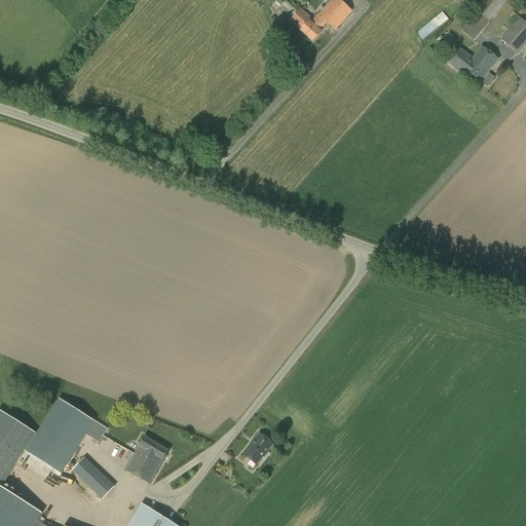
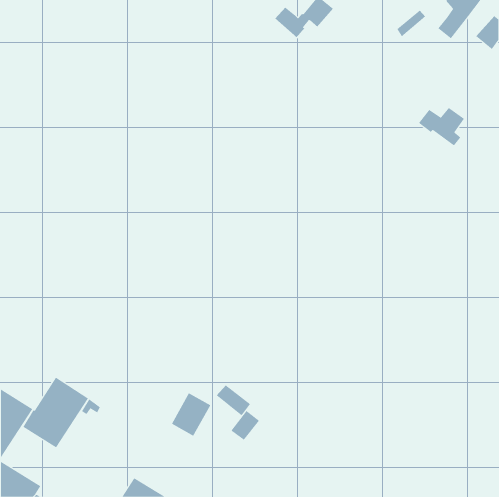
building: [449,45,498,86] -> [418,107,465,146]
building: none -> [216,385,251,416]
building: [125,436,167,482] -> [171,393,211,436]
building: [72,455,114,498] -> none

